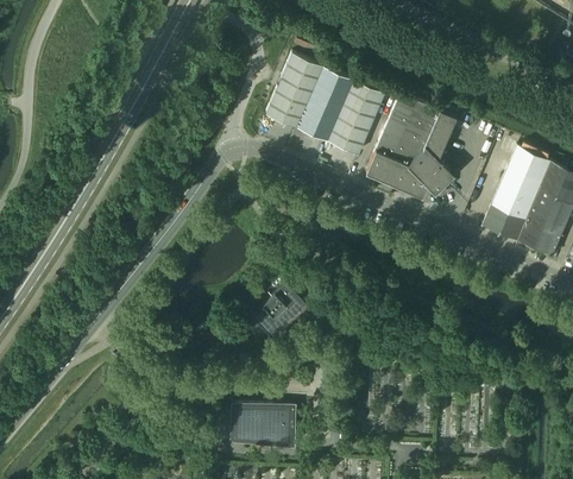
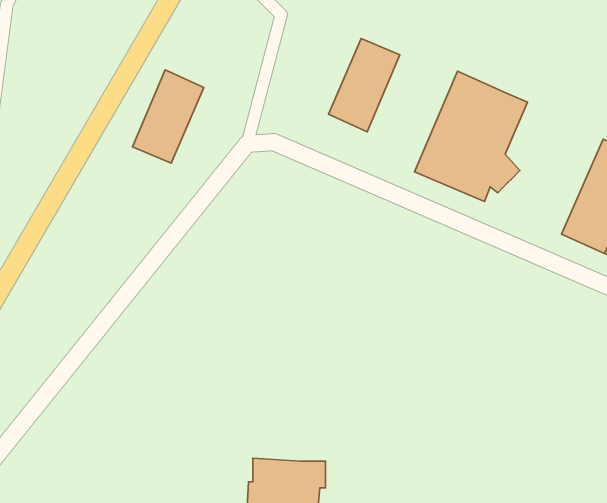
building: [265,53,322,128] -> [133,70,204,163]
building: [327,81,384,156] -> none
building: [250,284,308,341] -> none

